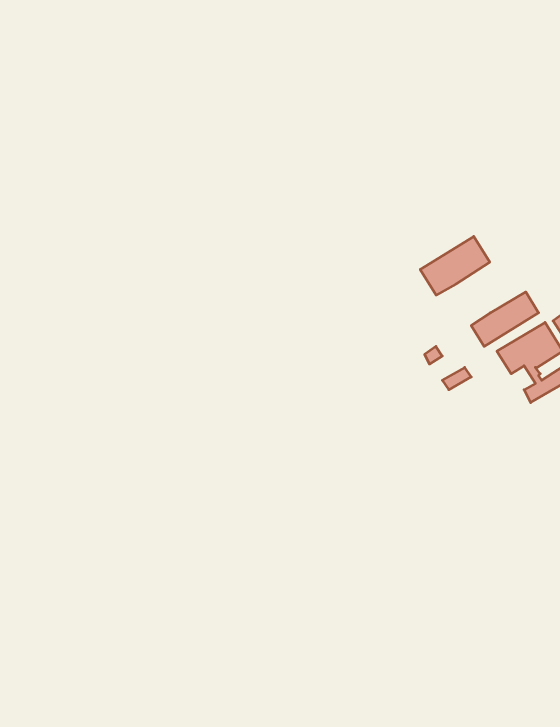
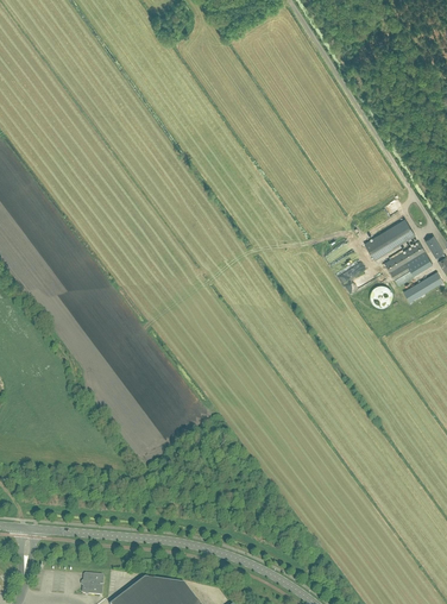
building: [420,236,490,295] -> none

